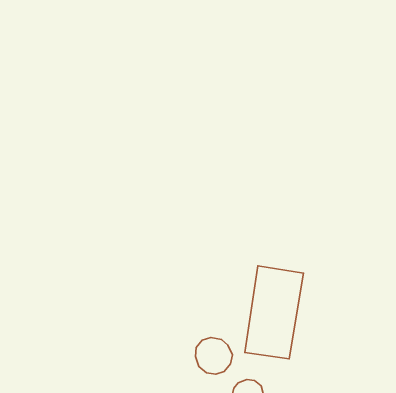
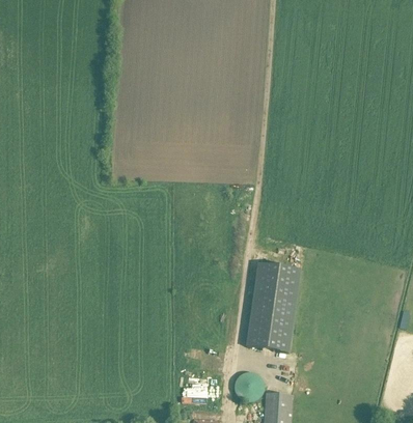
building: [195,337,232,374] -> none

